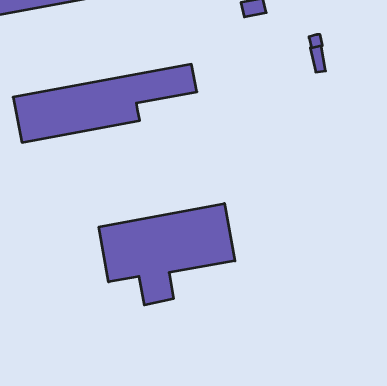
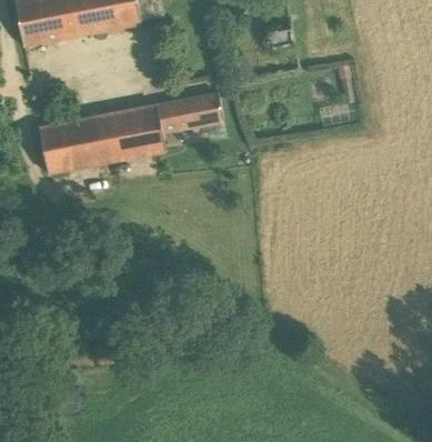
building: [99,203,235,305] -> none

